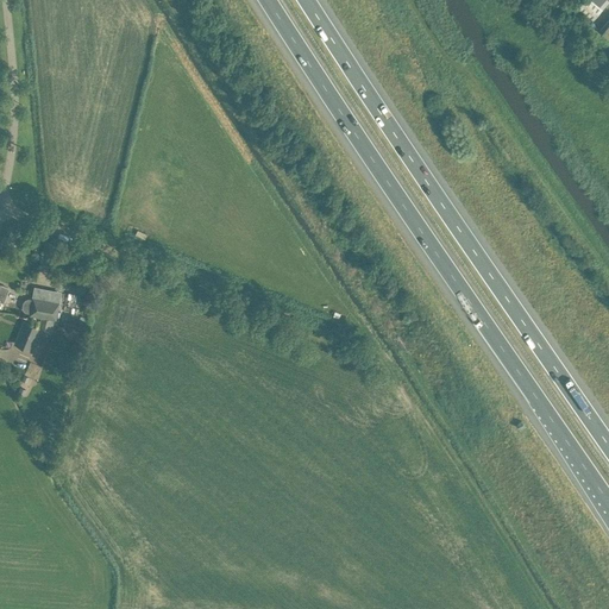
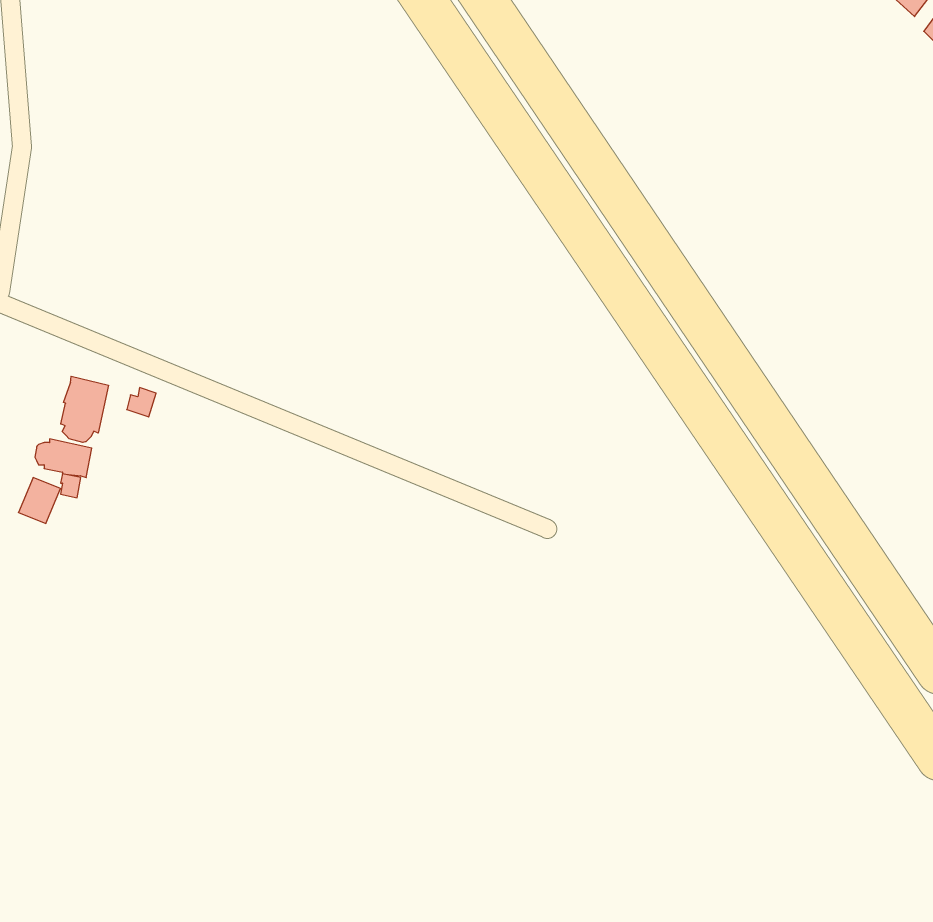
building: none -> [61,376,108,442]

